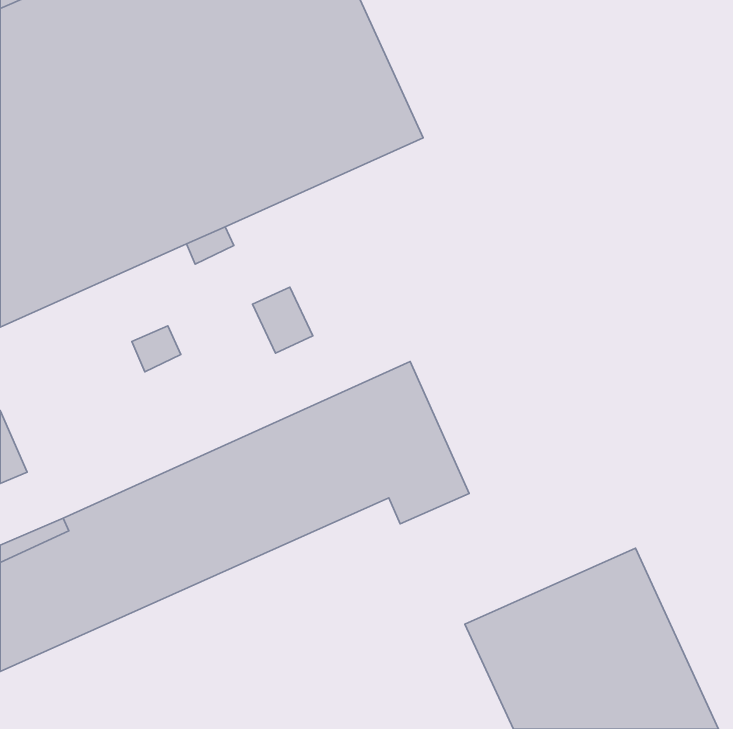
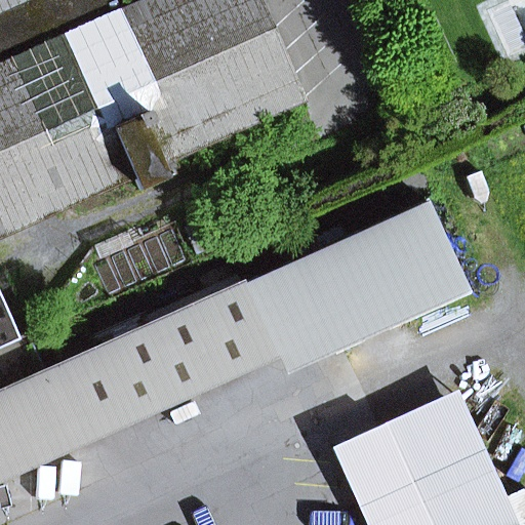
building: none -> [293,198,470,353]

